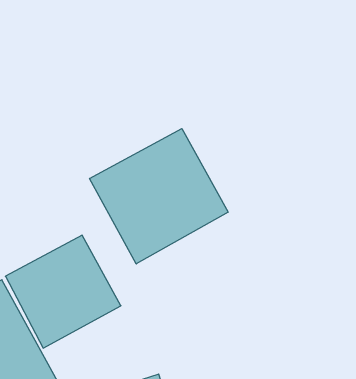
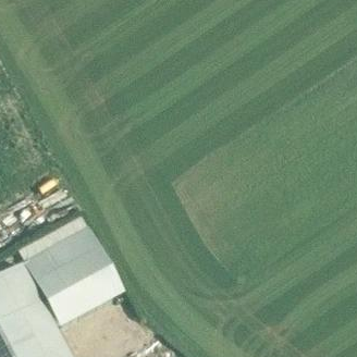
building: [90,129,228,264] -> none

